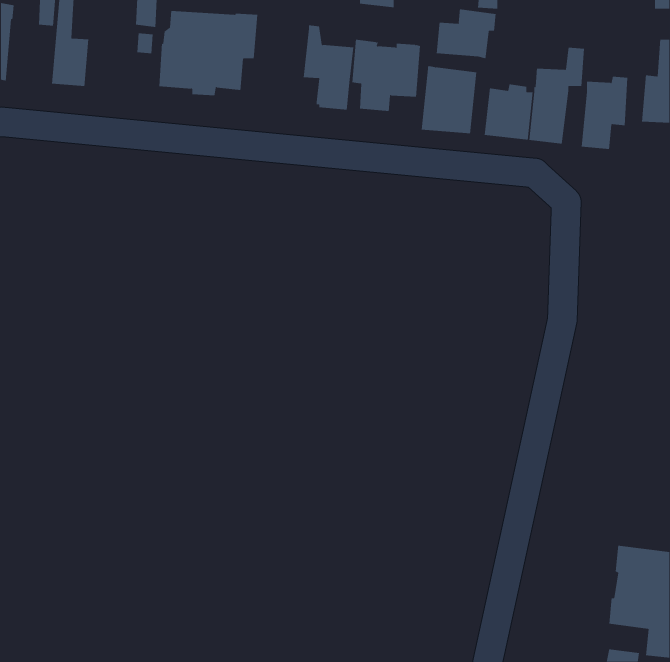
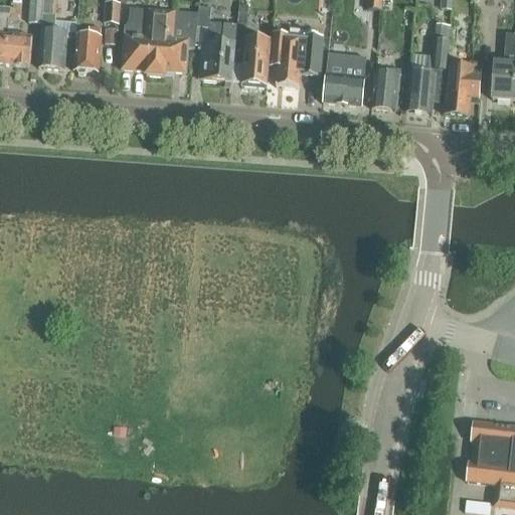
building: none -> [197,4,236,79]
building: [436,8,496,59] -> none
building: none -> [5,15,32,64]
building: none -> [74,23,102,69]

